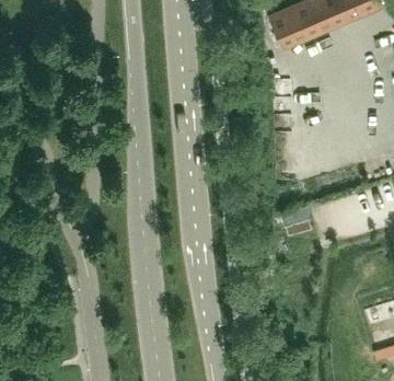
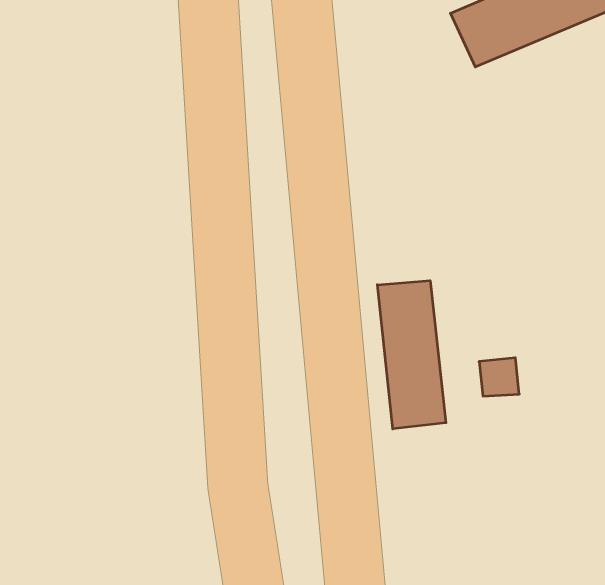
building: none -> [377,281,446,429]

